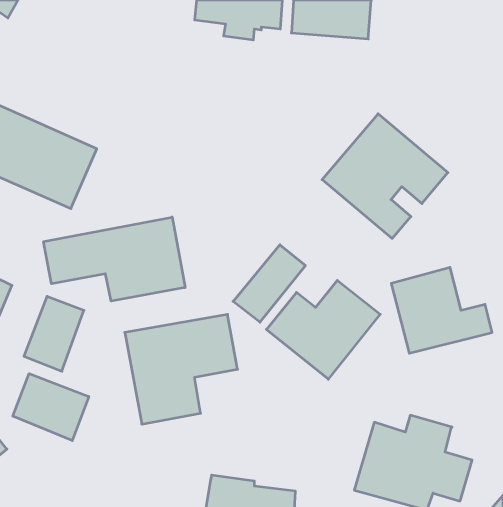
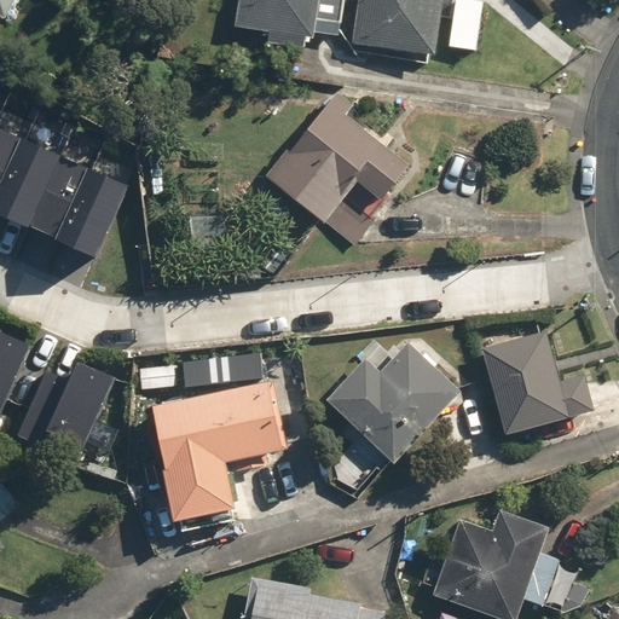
building: [322,114,448,238] -> [265,97,417,248]
building: [44,217,185,301] -> none
building: [233,245,305,322] -> none
building: [13,374,89,441] -> none

